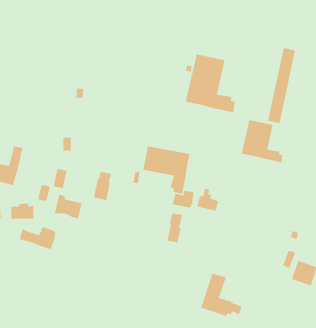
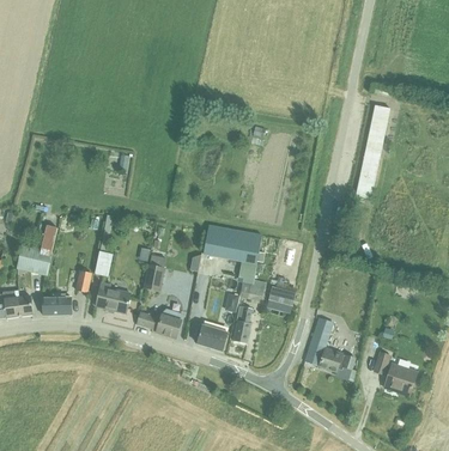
building: [185,54,236,113] -> none
building: [241,119,284,163] -> none
building: [19,227,56,250] -> [135,307,181,336]
building: none -> [196,324,227,351]
building: [200,273,243,317] -> [303,317,354,371]

